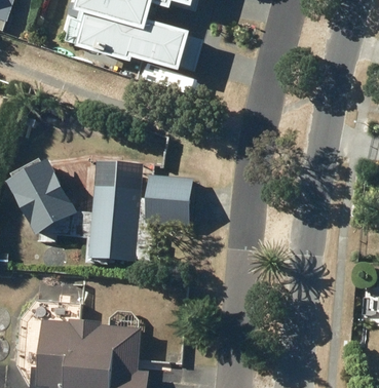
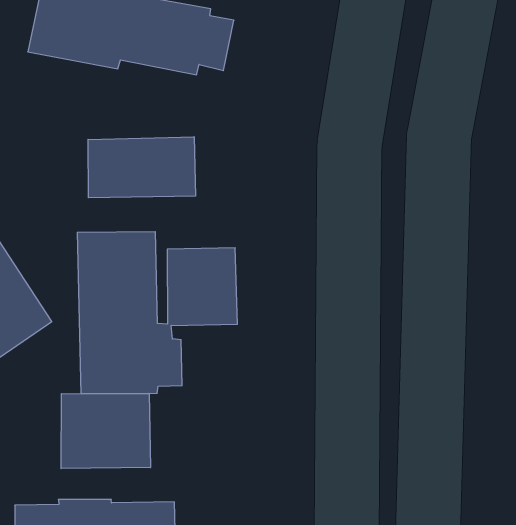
building: none -> [88,137,195,198]
building: none -> [61,393,150,469]

